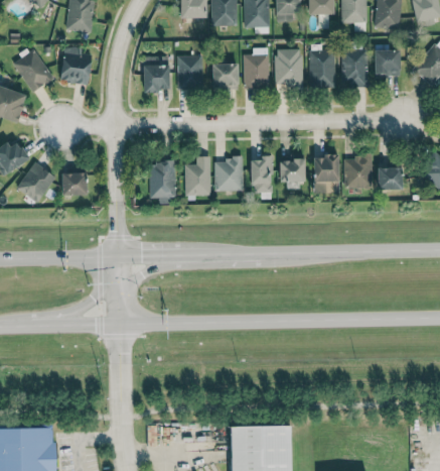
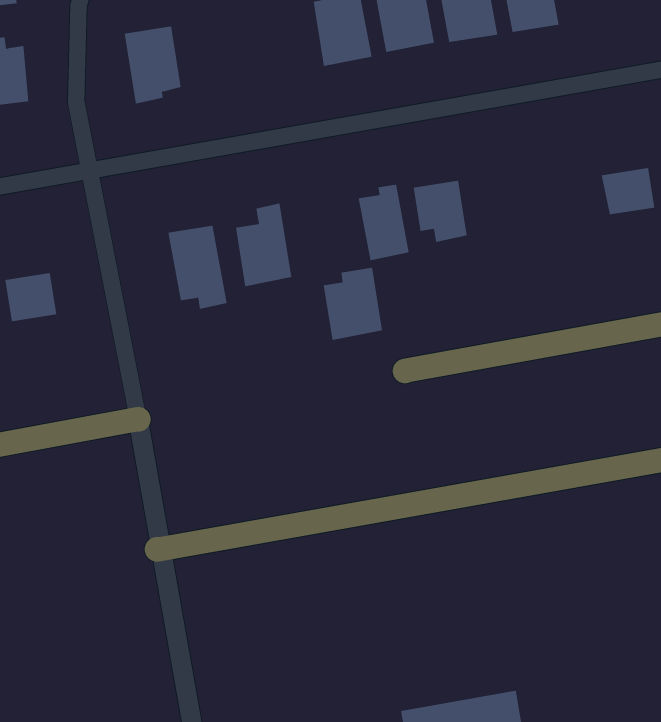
building: [178,54,202,89] -> none
building: [213,64,239,90] -> none
building: [345,153,373,189] -> none
building: [314,155,339,193] -> none
building: [215,156,243,191] -> [323,267,383,340]

